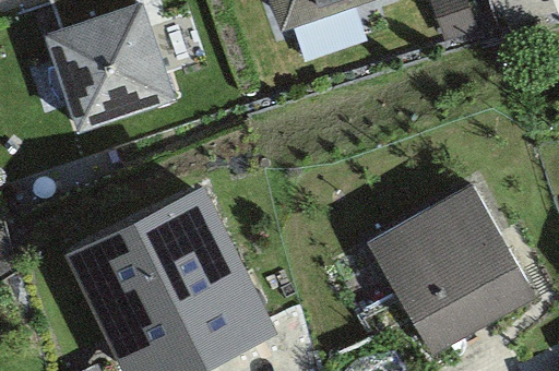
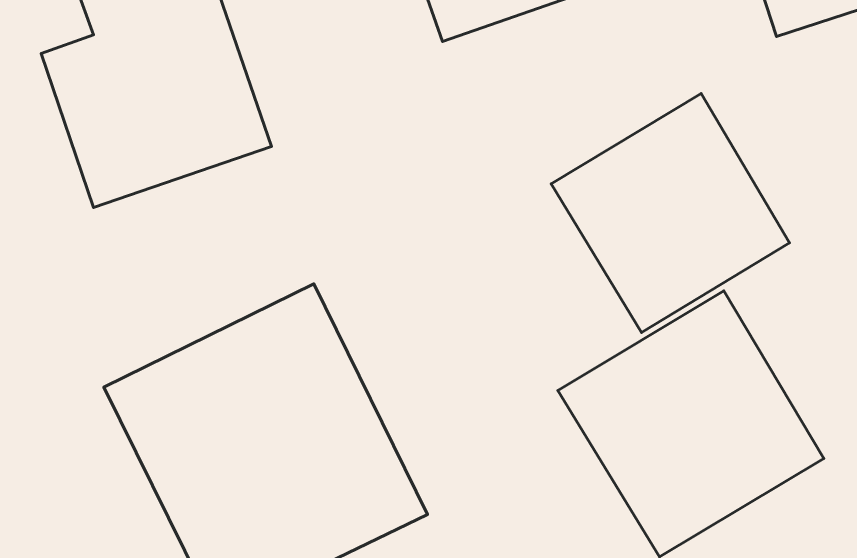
building: none -> [551,94,790,333]

